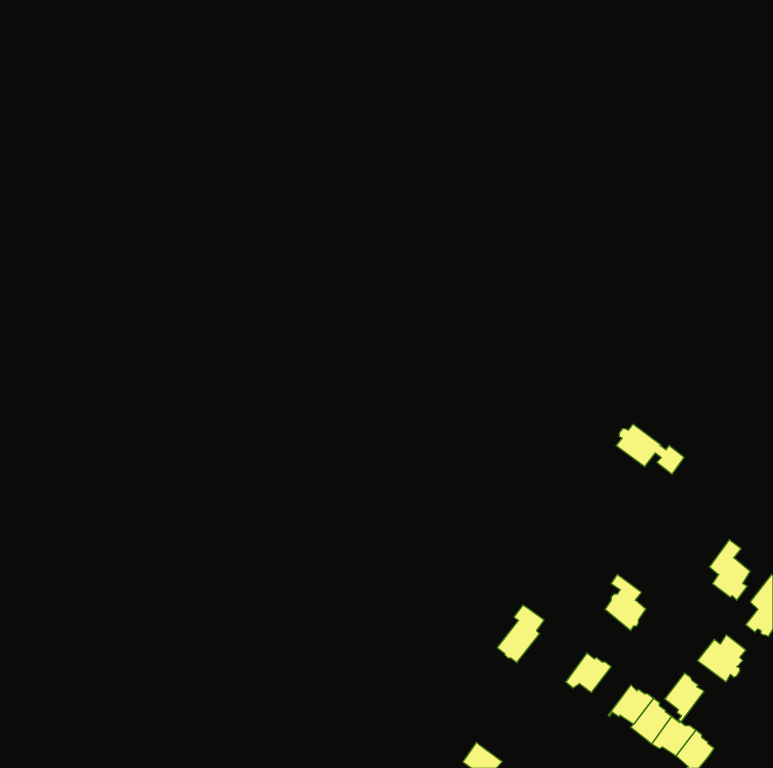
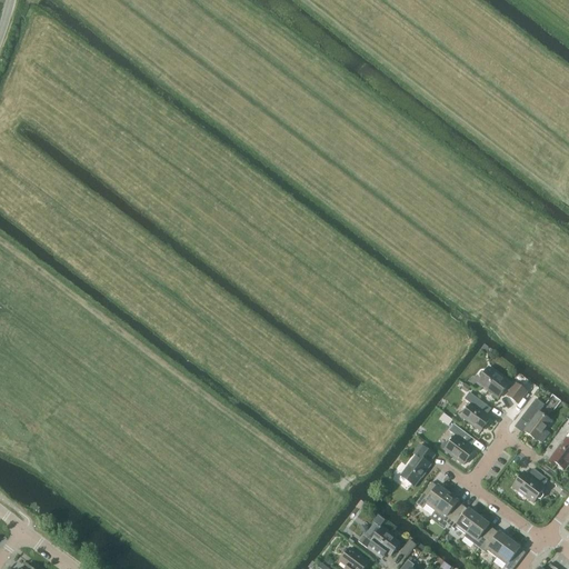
building: [616,424,684,474] -> [477,366,527,402]
building: none -> [461,390,490,430]
building: [497,605,544,663] -> [400,442,435,485]
building: [665,673,704,721] -> [435,490,463,526]
building: none -> [358,526,400,558]

